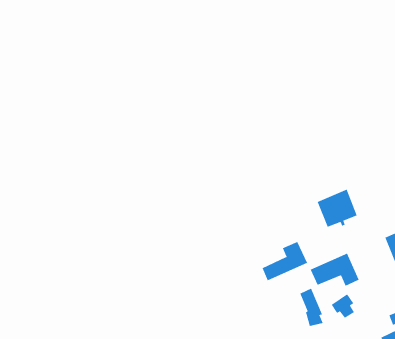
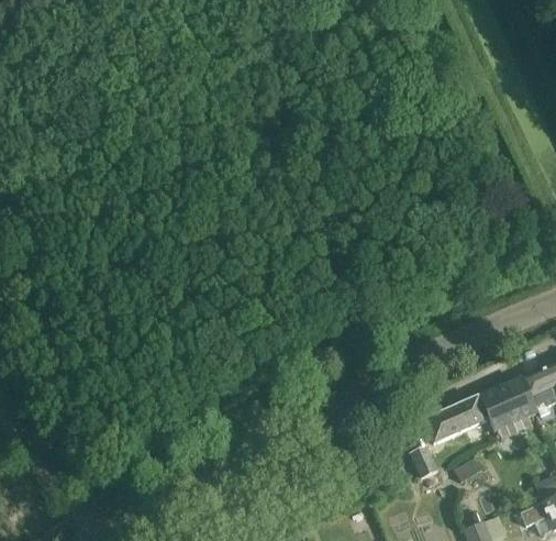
building: [317,189,358,227] -> [481,376,537,429]
building: [262,241,308,281] -> none

